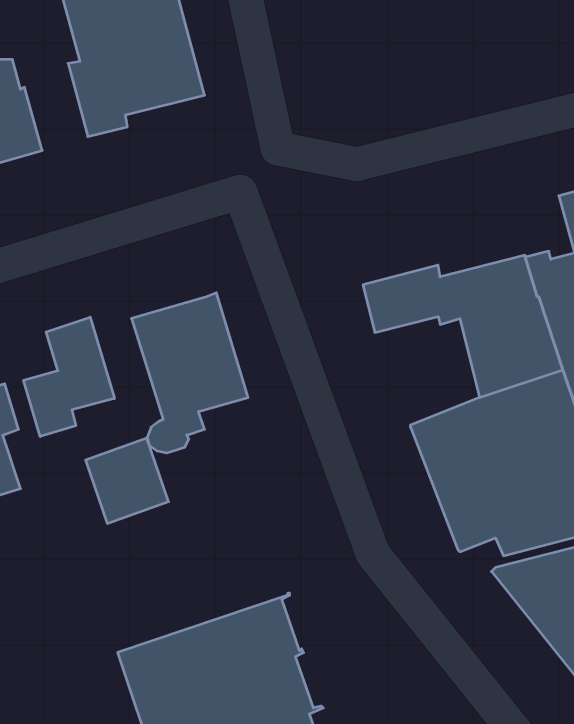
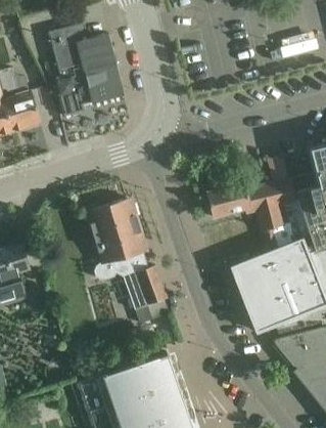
building: [24,317,114,437] -> none
building: [86,438,169,523] -> [124,265,167,309]

